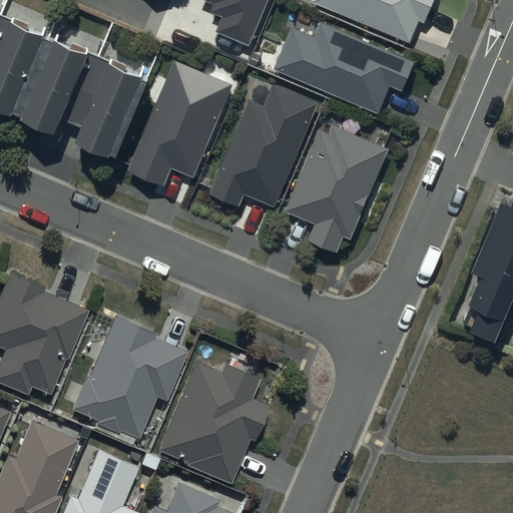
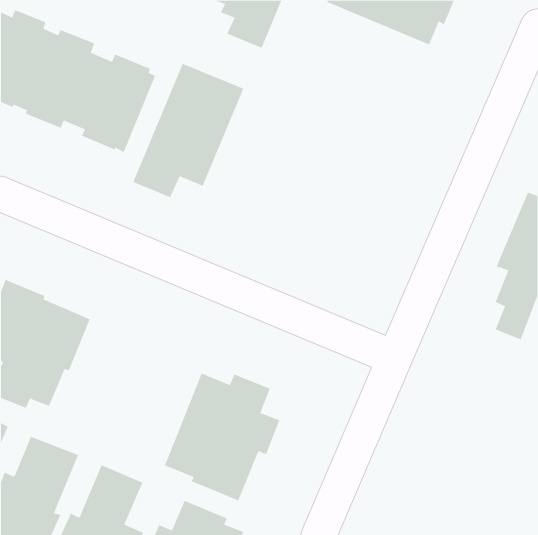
building: [274,25,416,116] -> none
building: [210,86,319,210] -> none
building: [285,128,389,256] -> none
building: [68,313,183,436] -> none

